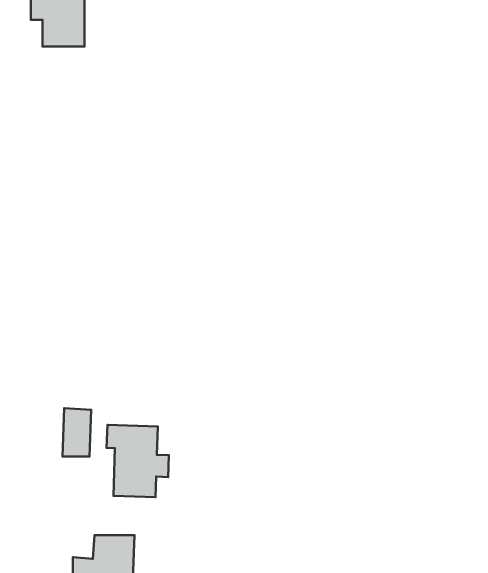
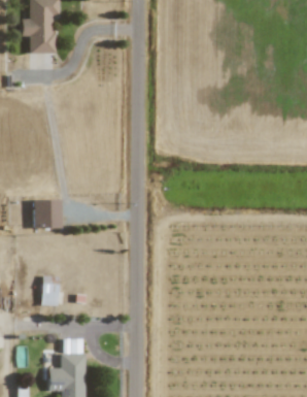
building: none -> [34,199,62,228]
building: [107,425,169,497] -> none

